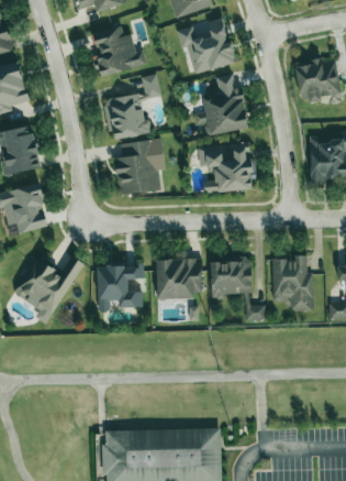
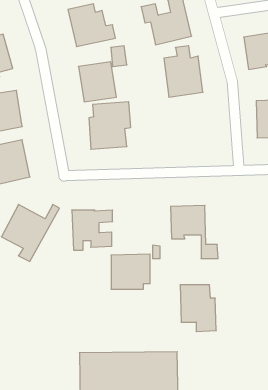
building: [199,142,255,192] -> none
building: [272,256,314,310] -> [180,285,216,332]
building: [157,258,202,298] -> [111,254,150,289]

